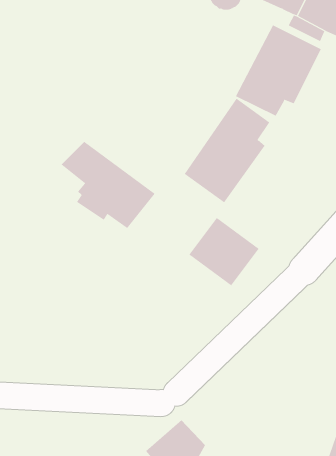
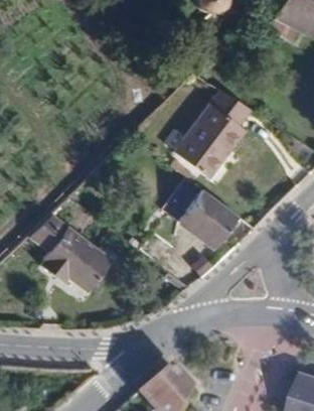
building: [235,24,321,117] -> none
building: [61,141,156,229] -> [31,217,113,292]

